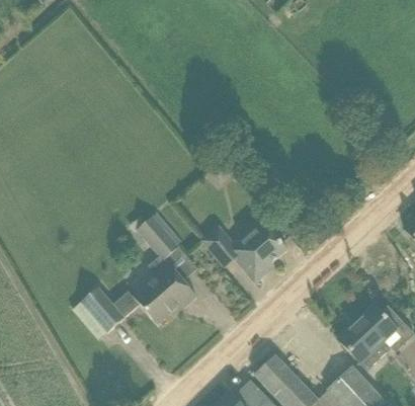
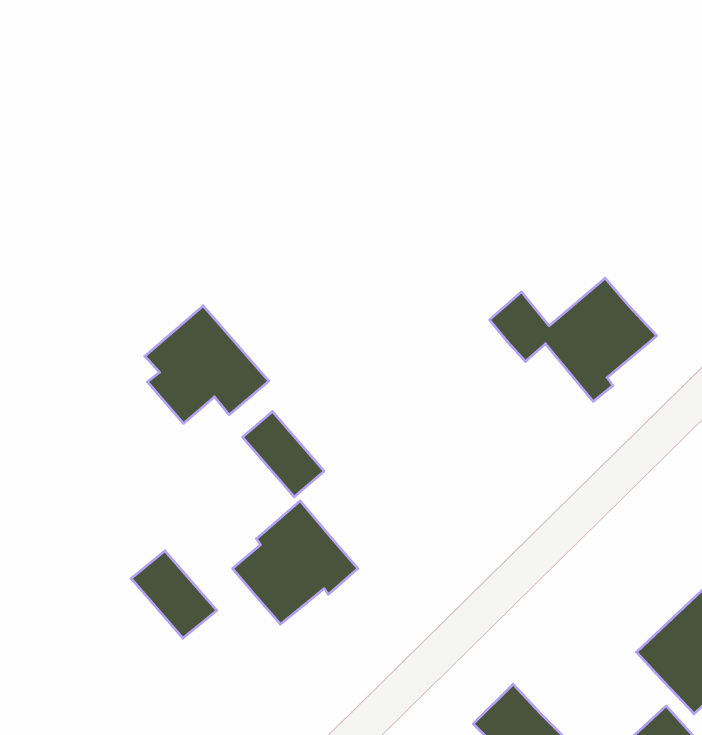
building: none -> [145,306,269,423]
building: [202,220,287,282] -> [490,278,657,401]

